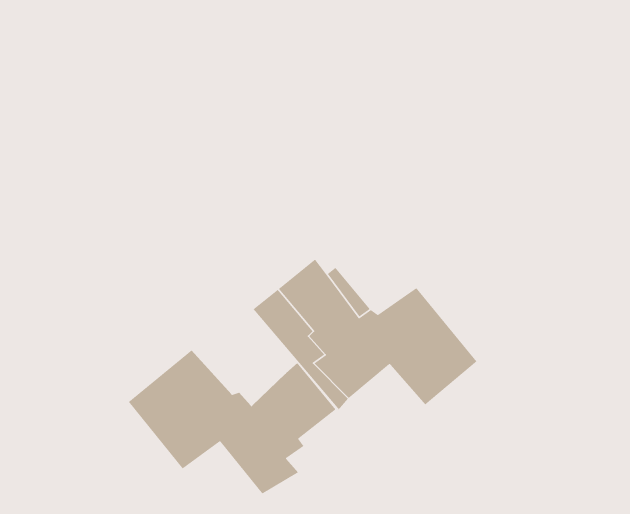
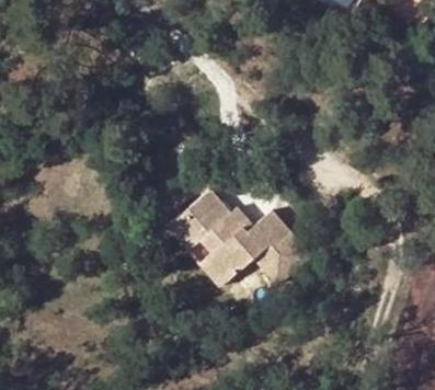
building: [128,350,336,495] -> none

